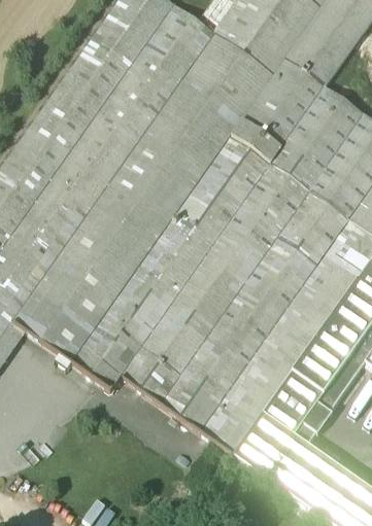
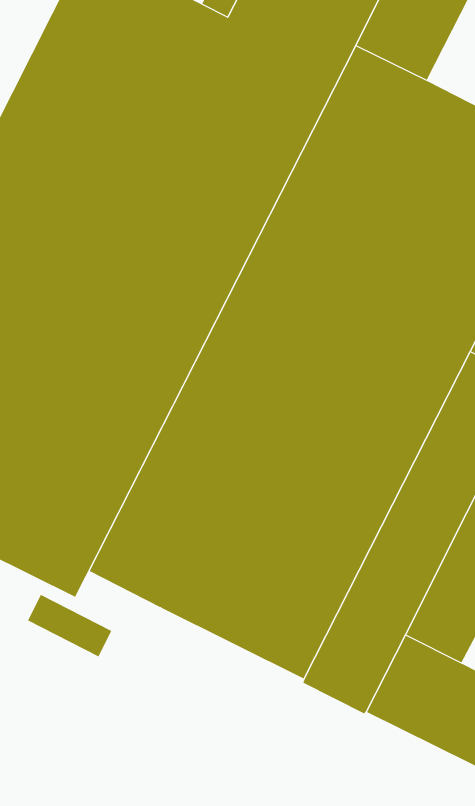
building: [72,345,122,387] -> [27,594,112,657]

